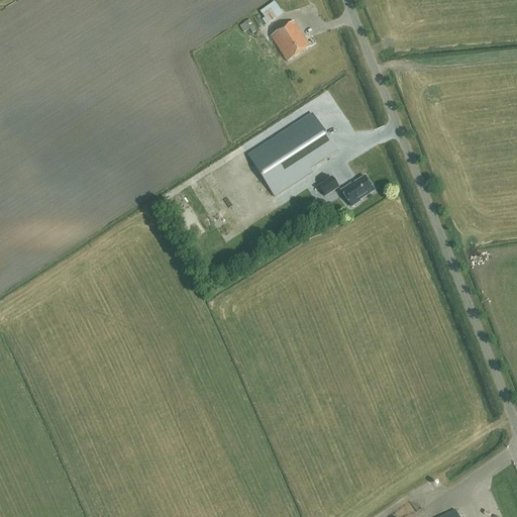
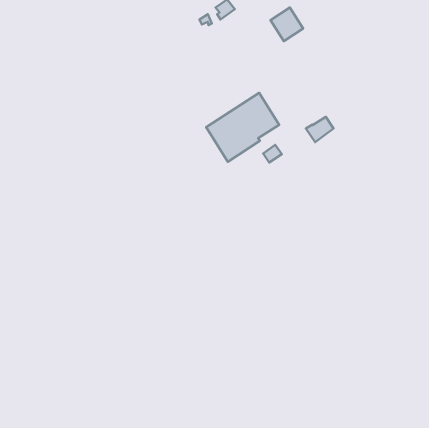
building: [270,19,309,60] -> [270,8,303,41]
building: [339,174,373,204] -> [306,117,334,142]

